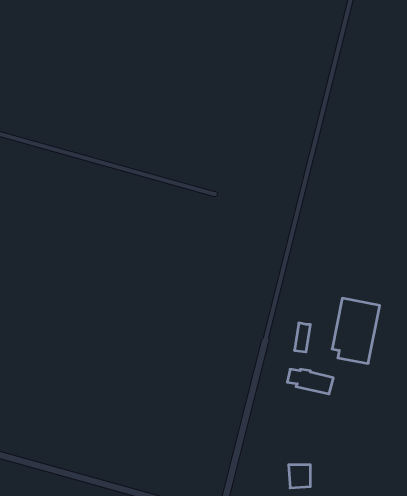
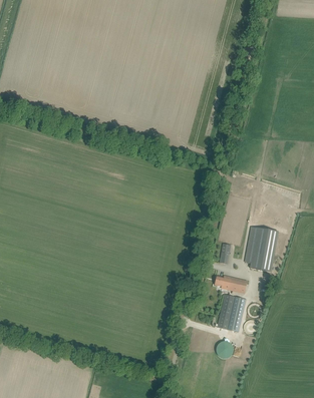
building: none -> [216,295,245,332]

